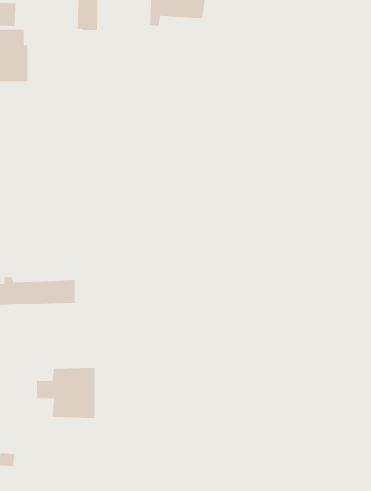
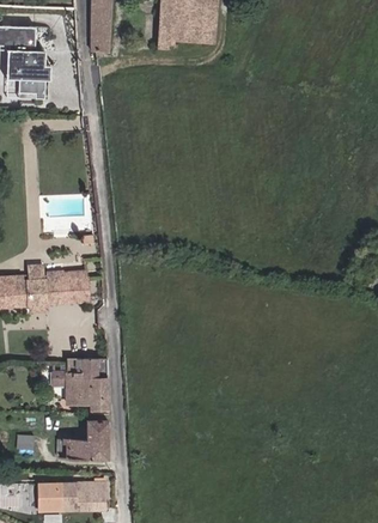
building: none -> [67,420,109,460]

